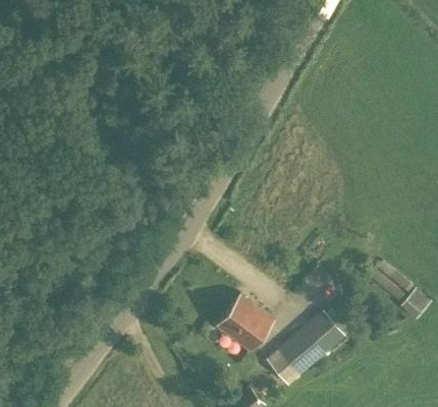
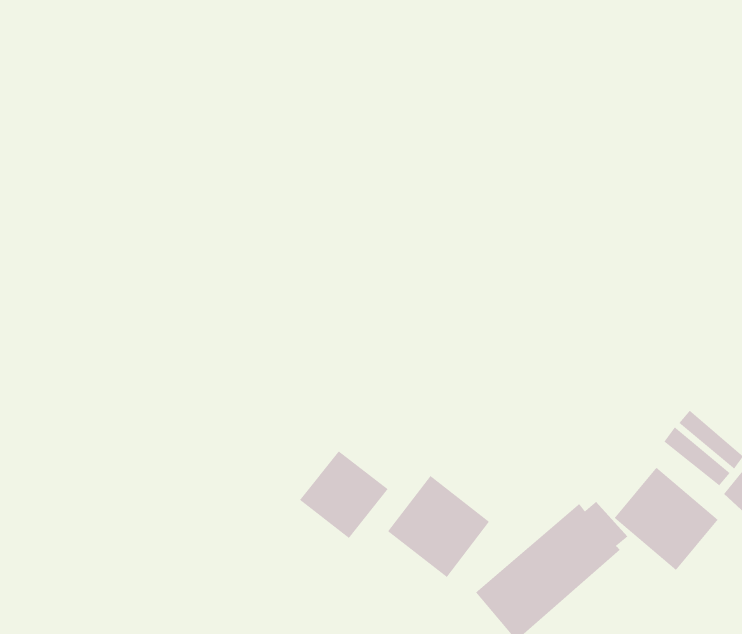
building: none -> [299,450,388,539]
building: none -> [614,467,719,571]

